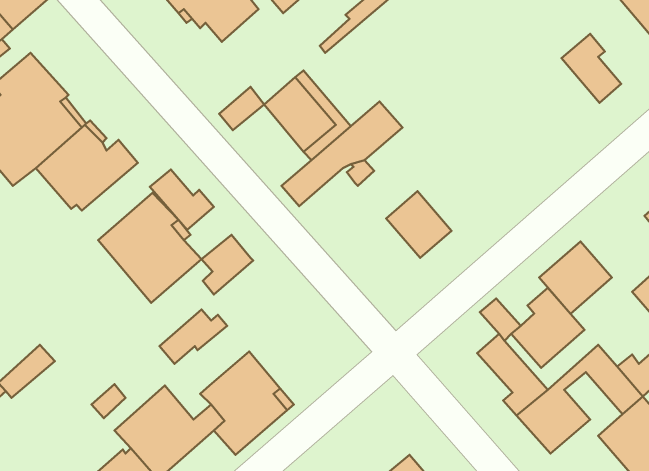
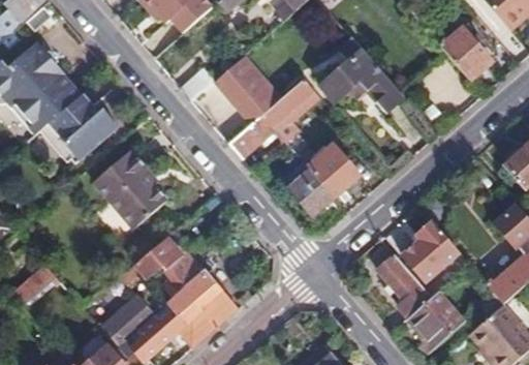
building: none -> [321,38,404,115]
building: [150,169,214,230] -> none
building: none -> [287,164,334,216]
building: [202,235,253,295] -> [164,249,204,295]
building: [539,241,612,314] -> none

